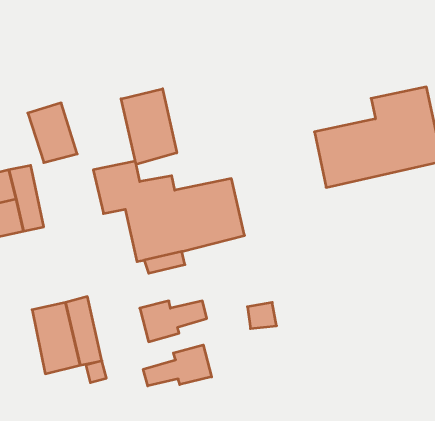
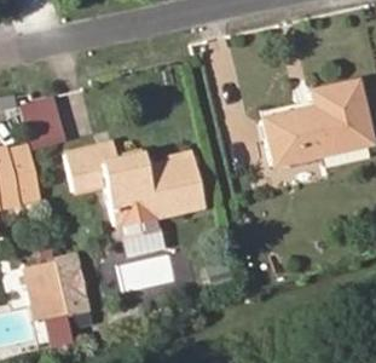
building: [121,89,177,164] -> none
building: [143,345,212,386] -> none

